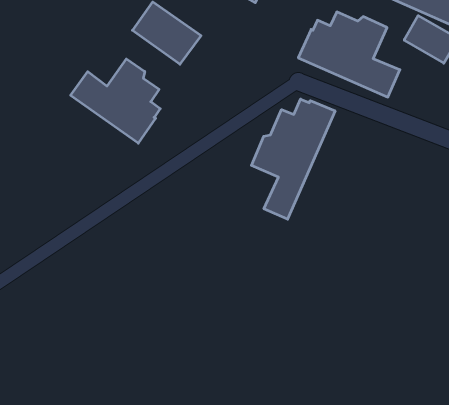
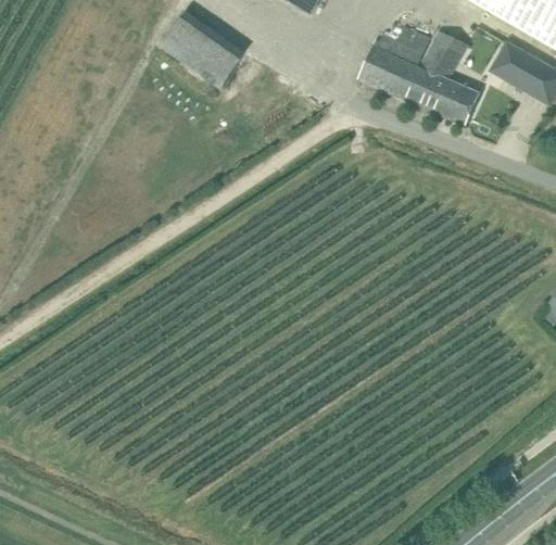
building: [71,59,160,143] -> none
building: [251,99,335,219] -> none

